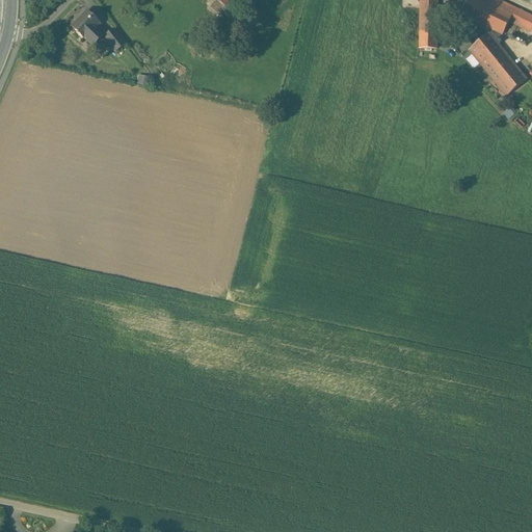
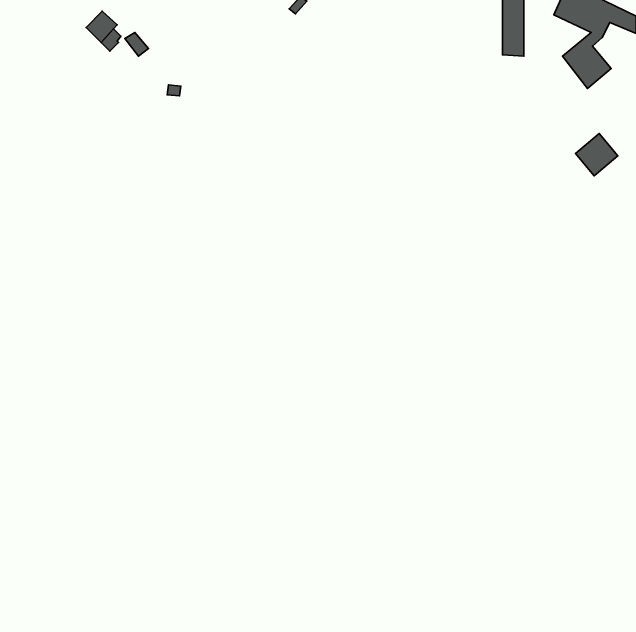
building: [489,57,525,92] -> [576,133,618,176]

